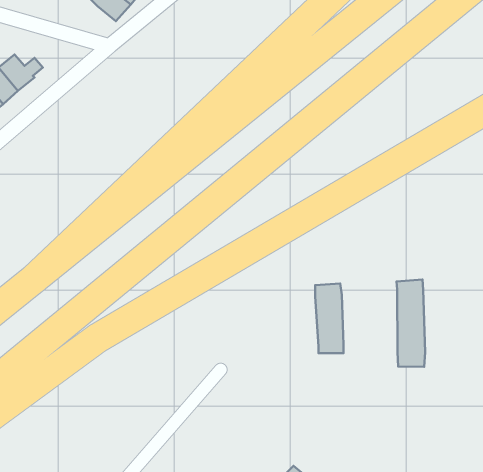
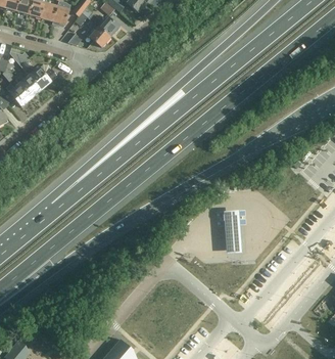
building: [396,279,425,367] -> none

